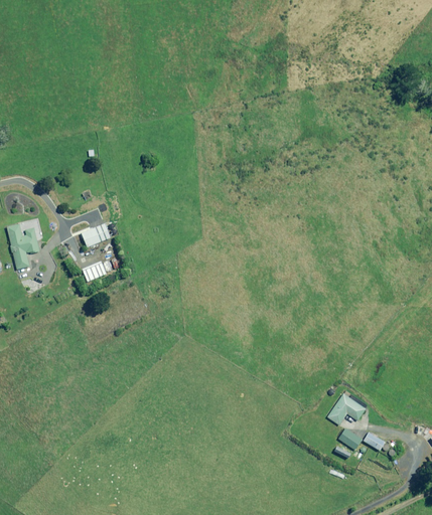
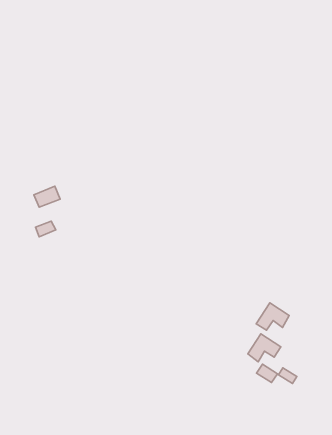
building: none -> [256,303,289,330]

